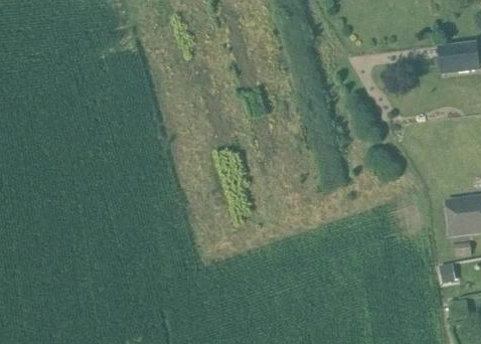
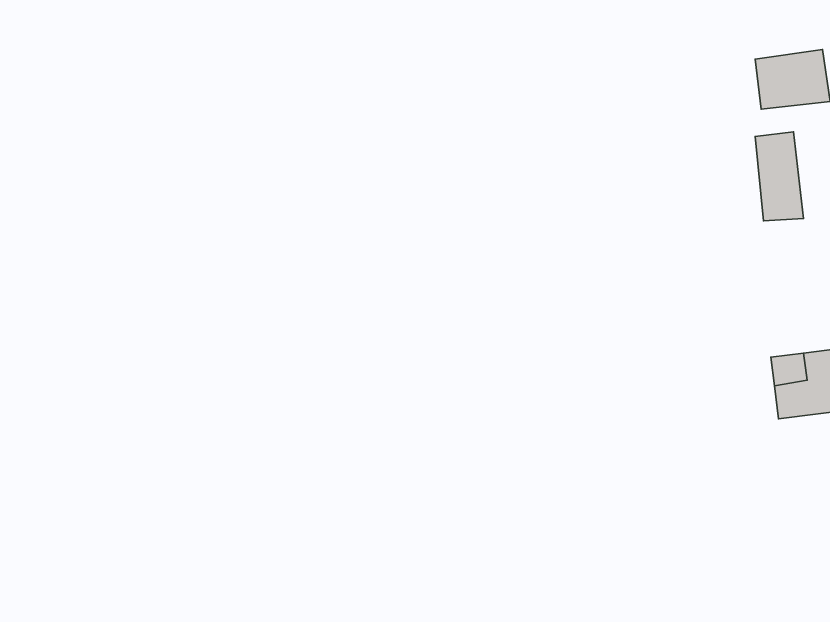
building: none -> [755,132,804,221]

